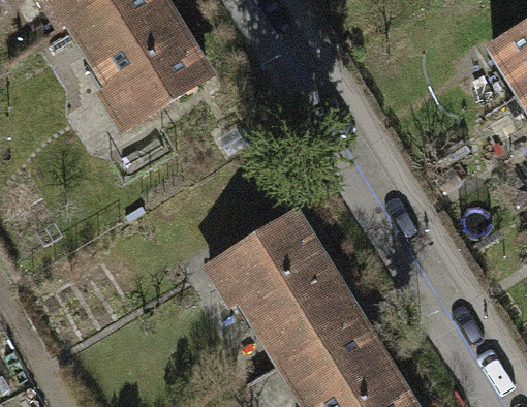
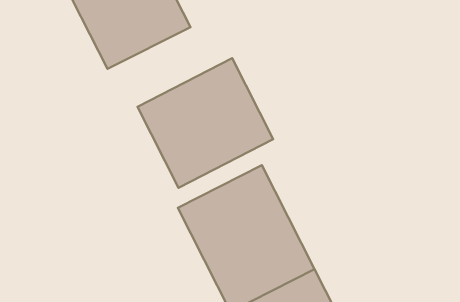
building: none -> [137,58,273,188]

